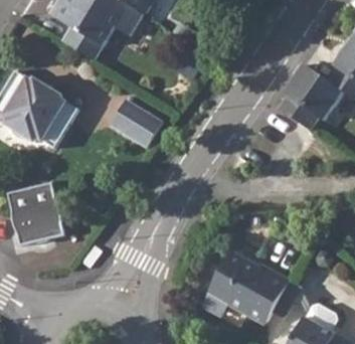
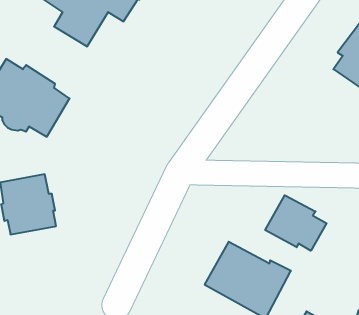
building: [279,64,344,131] -> none
building: [107,99,158,147] -> none
building: none -> [265,195,327,251]

